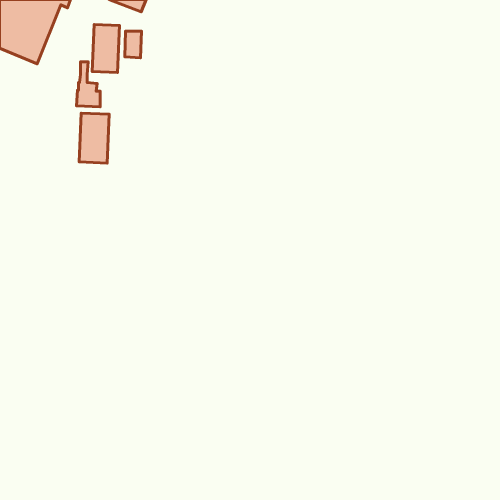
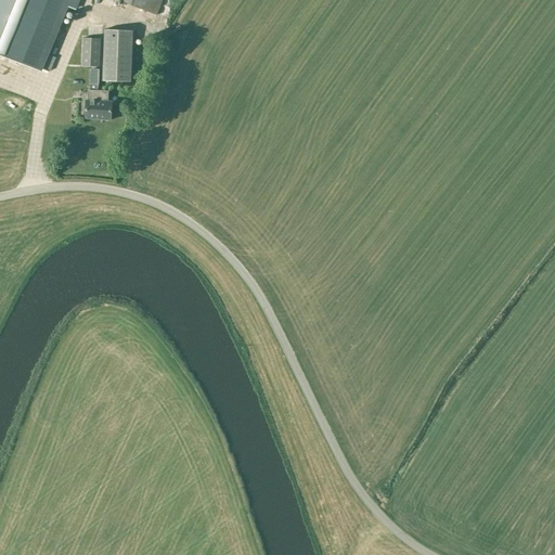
building: [125,31,141,58] -> [81,37,100,66]
building: [79,113,109,163] -> none

